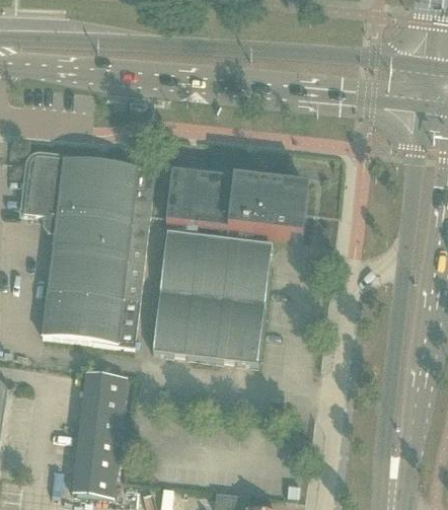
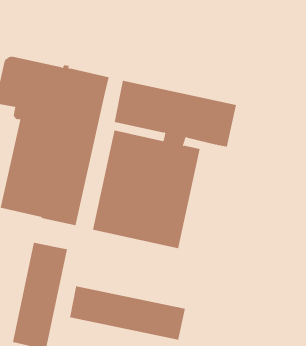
building: none -> [70,285,185,340]

